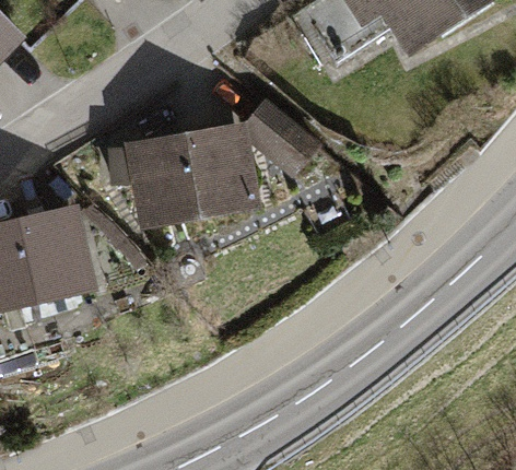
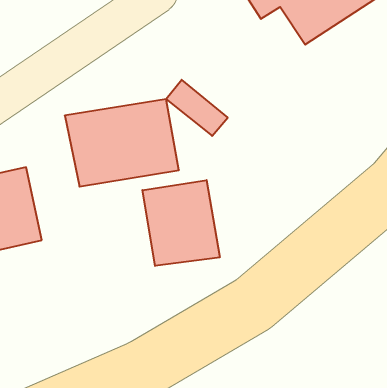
building: none -> [142,180,220,266]

